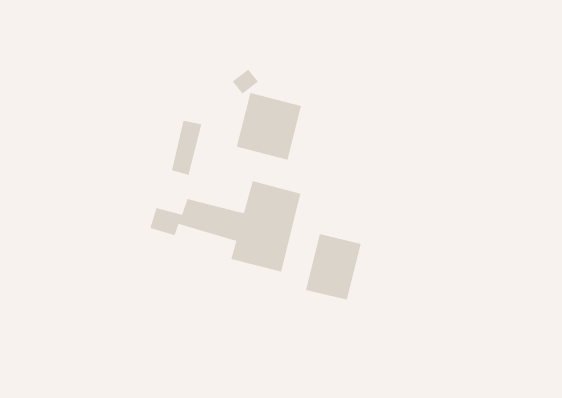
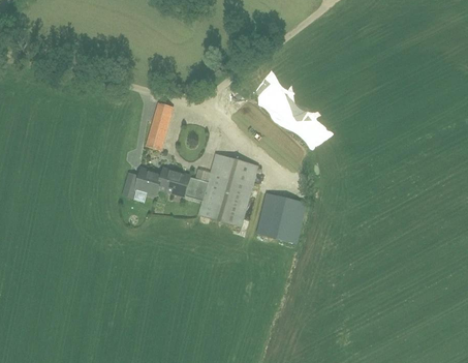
building: [236,92,302,161] -> none

